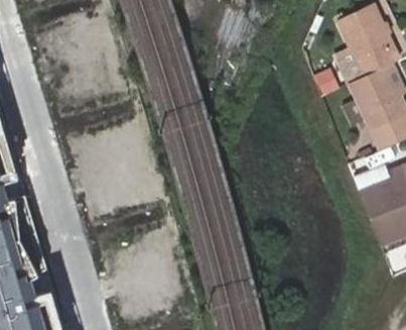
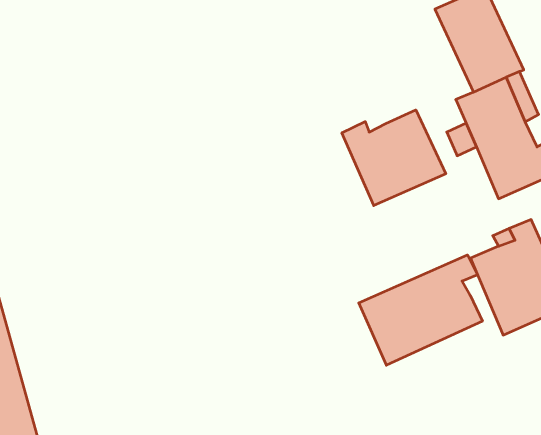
building: none -> [342,110,446,206]
building: none -> [359,255,482,365]

